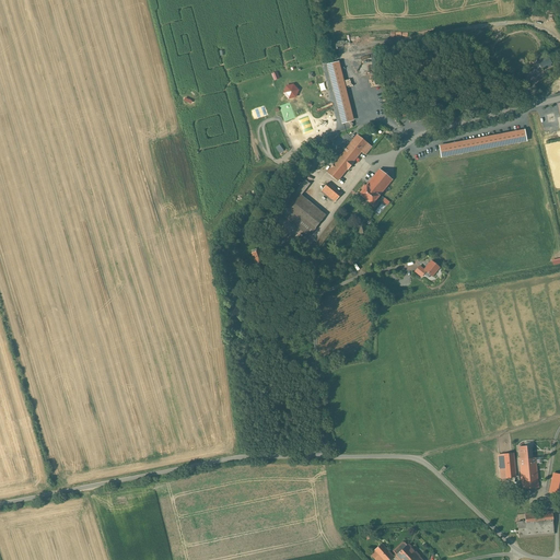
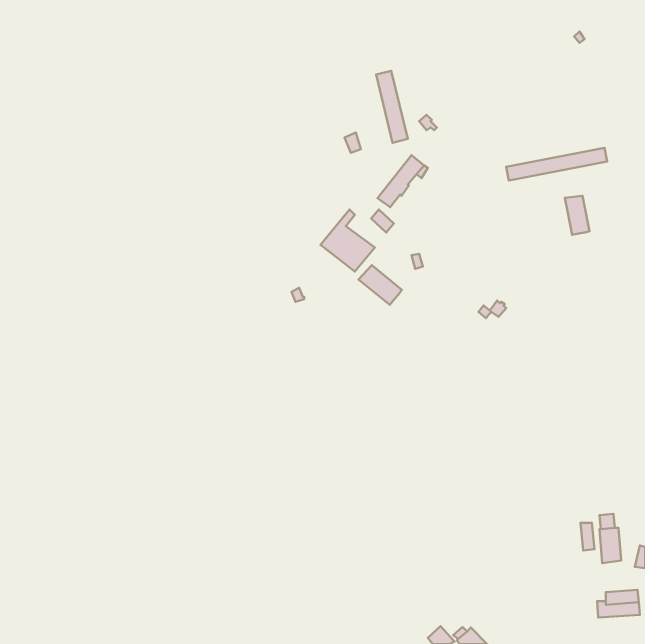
building: [359,168,392,205] -> none
building: none -> [565,196,589,235]
building: none -> [359,265,402,305]

